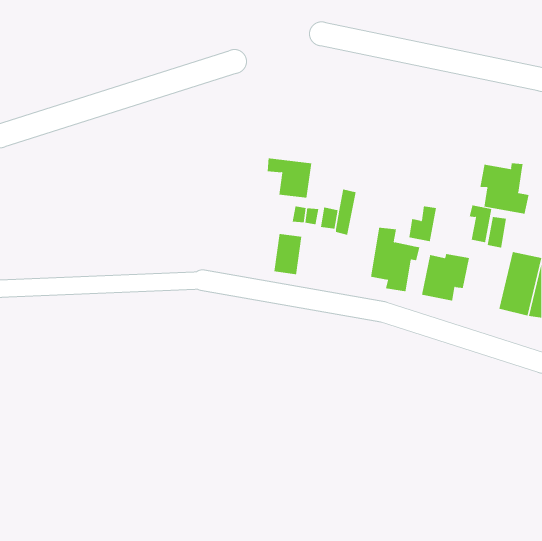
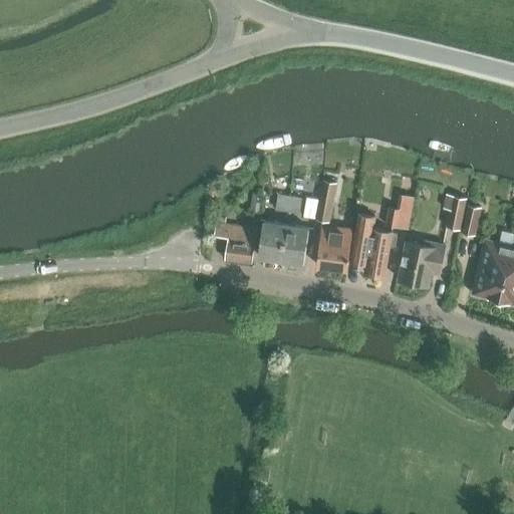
building: [267,158,312,198] -> [214,225,257,263]
building: [480,162,529,214] -> none
building: none -> [281,225,308,264]
building: none -> [316,227,353,271]

